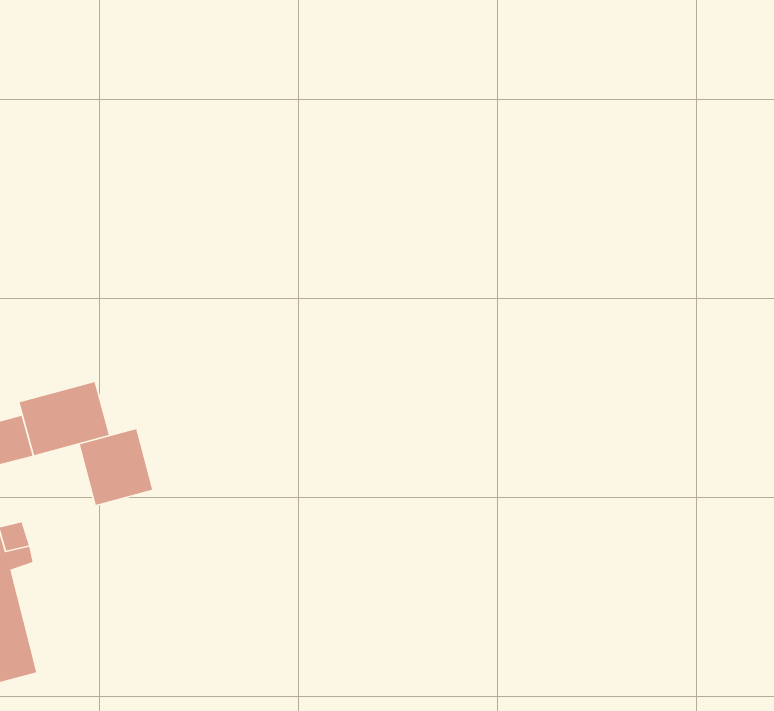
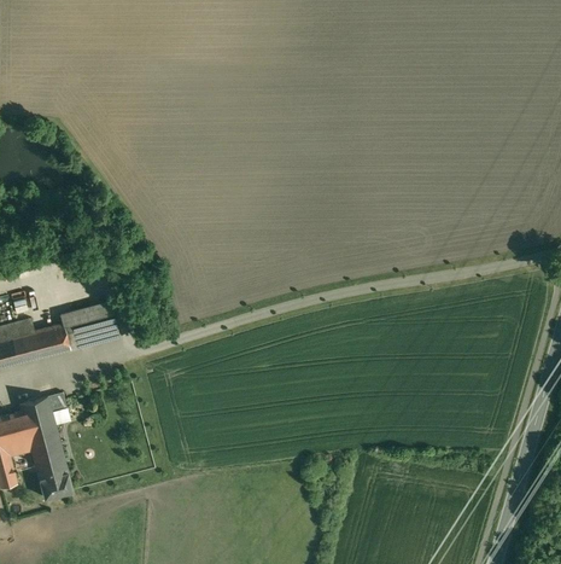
building: [79,428,153,506] -> none

